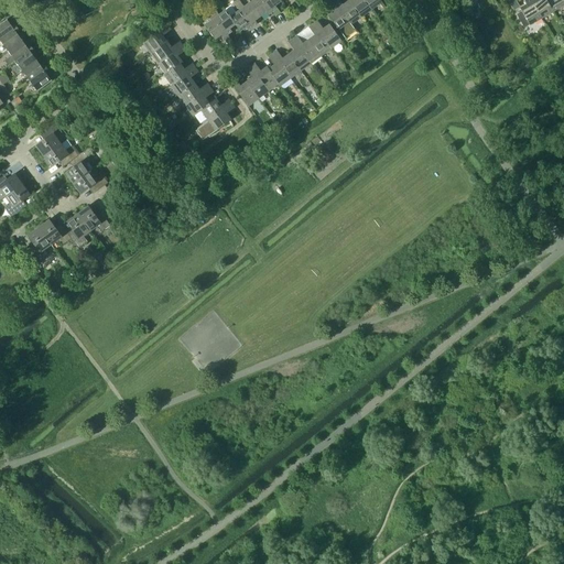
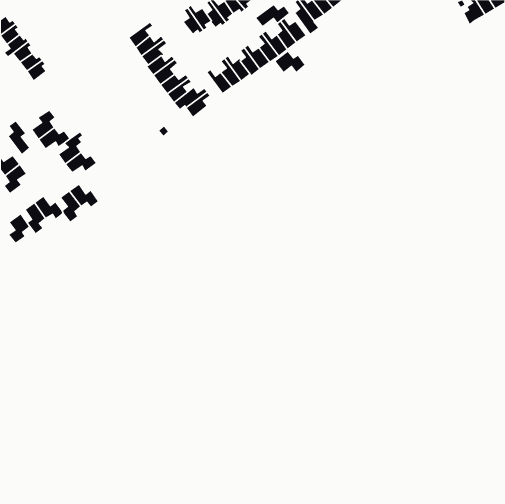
building: none -> [255,4,290,27]
building: none -> [274,51,305,73]
building: none -> [8,121,30,155]
building: none -> [8,214,30,243]

